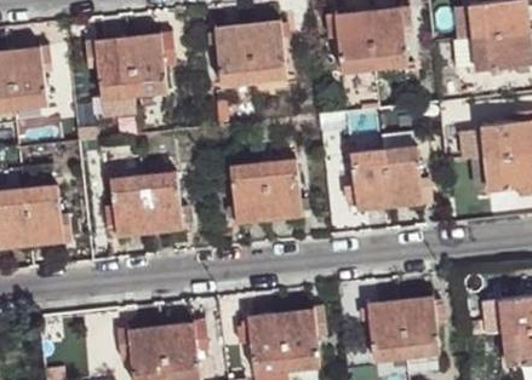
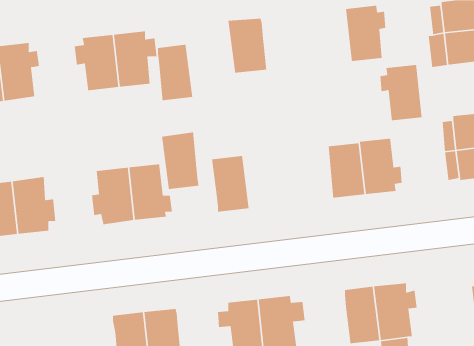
building: [331,12,376,71] -> [380,64,423,121]
building: [217,24,254,84] -> [157,44,193,101]
building: [263,160,303,220] -> [161,132,200,190]

